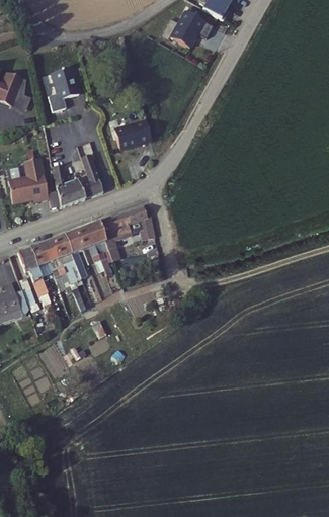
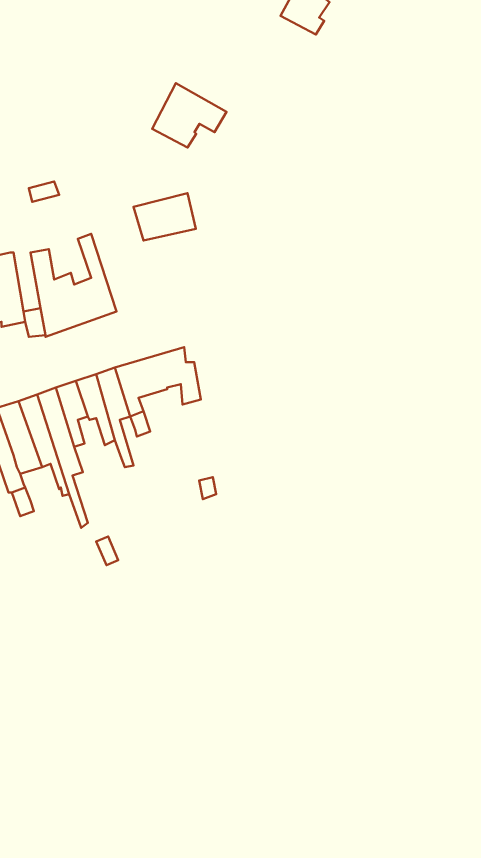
building: [168,13,213,52] -> [152,83,226,147]
building: [49,64,80,109] -> none

